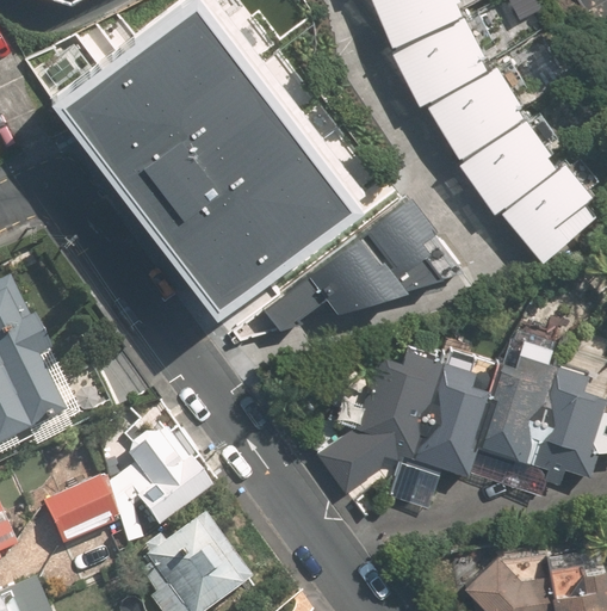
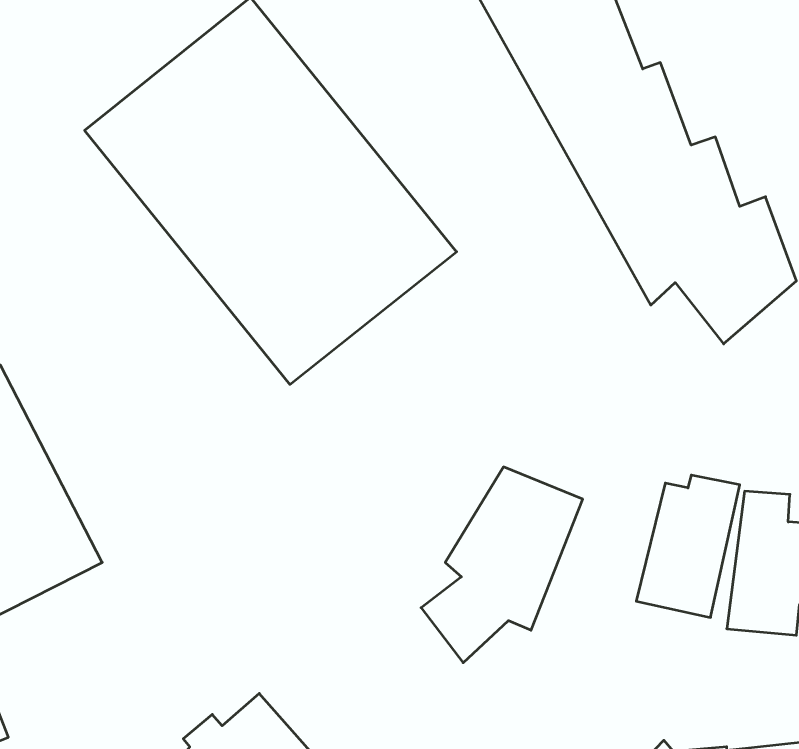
building: [265,198,464,332] -> none
building: [413,364,490,473] -> none
building: [126,426,209,532] -> none
building: [43,482,116,549] -> none

